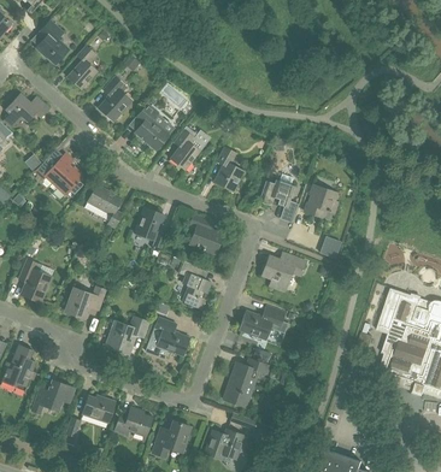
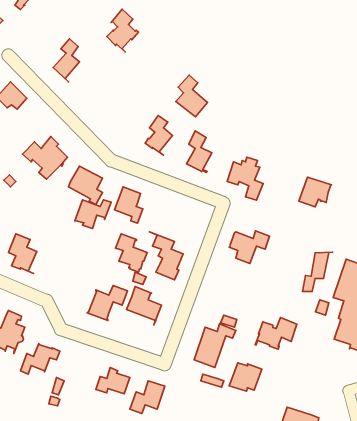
building: [34,19,69,67] -> none
building: [98,76,133,123] -> [107,9,138,52]
building: [134,104,169,149] -> [176,75,208,117]
building: [304,184,340,217] -> [299,177,332,207]
building: [187,213,222,255] -> [116,234,147,272]
building: none -> [302,252,333,292]
building: [65,287,105,318] -> [75,200,111,228]
building: [239,305,284,340] -> [255,318,297,349]
building: [82,395,114,421] -> none
building: [206,427,242,459] -> [229,363,262,391]

